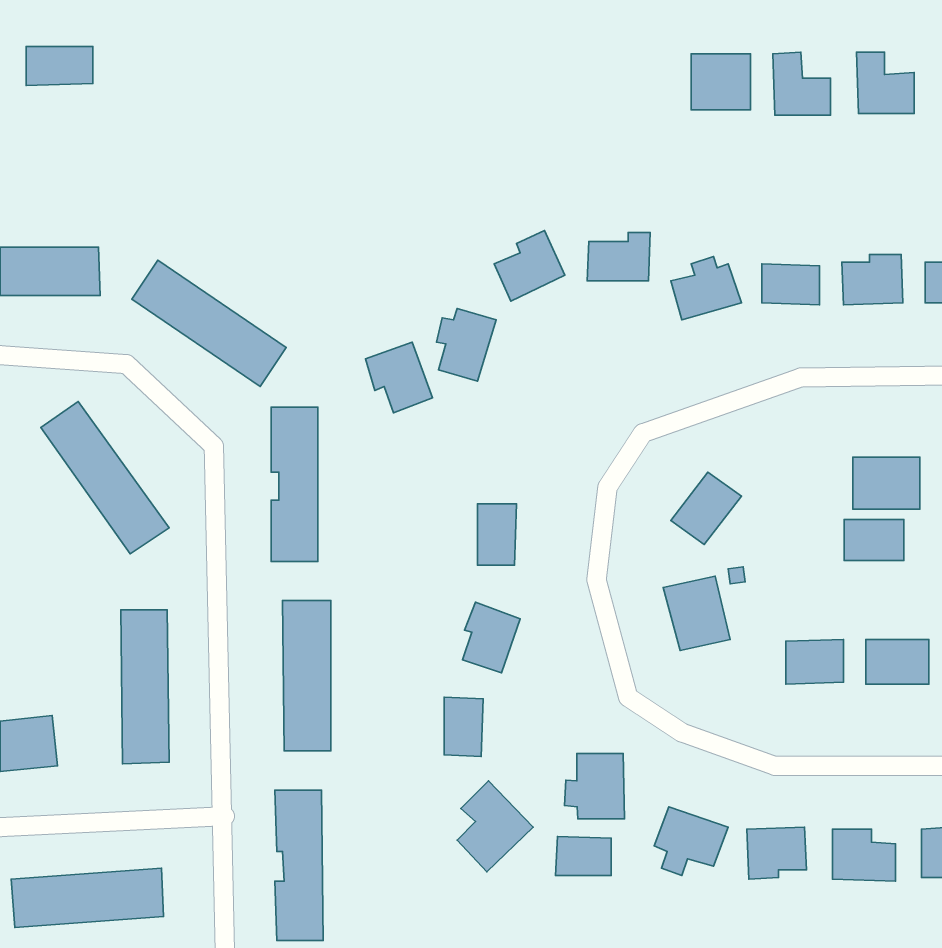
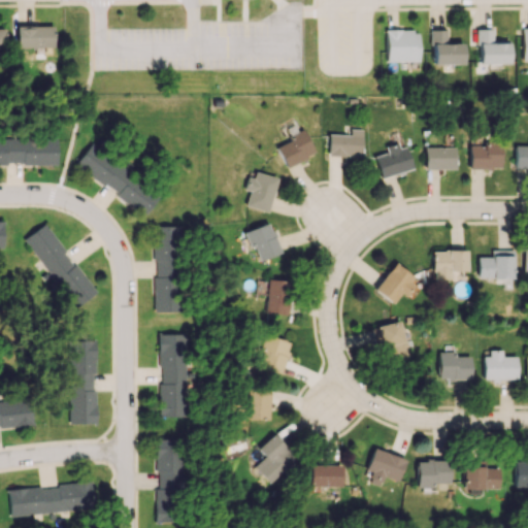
building: [366,342,432,413] -> [246,223,284,262]
building: [844,520,904,561] -> [435,250,468,272]
building: [564,753,624,819] -> none

